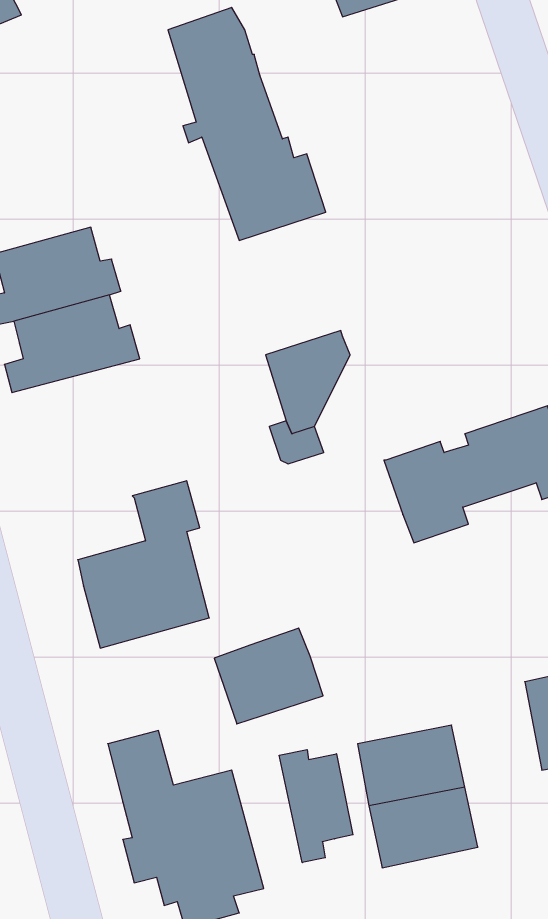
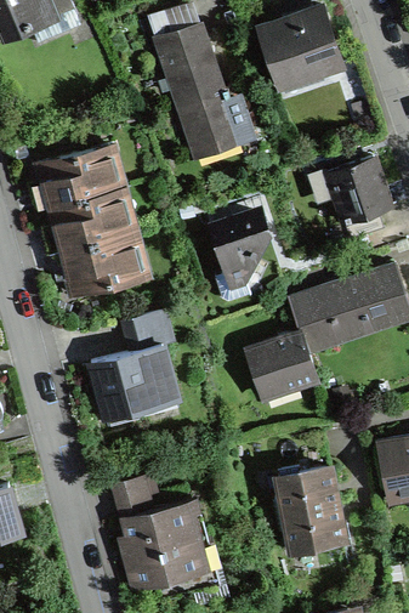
building: none -> [260,7,342,86]
building: none -> [328,158,391,240]
building: none -> [50,233,138,295]
building: [214,628,323,724] -> [248,334,318,396]
building: [279,750,353,863] -> none

